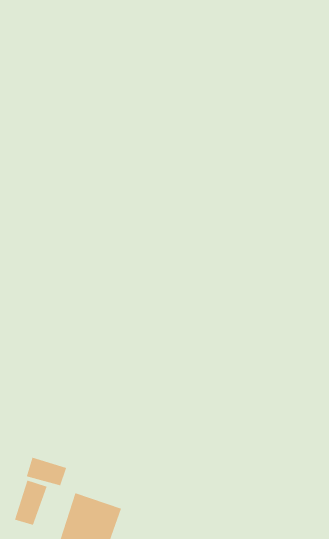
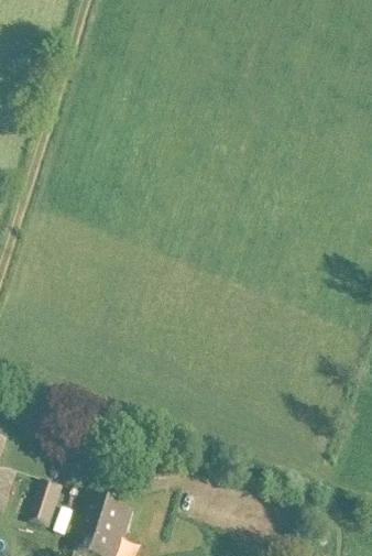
building: [26,457,67,486] -> none

